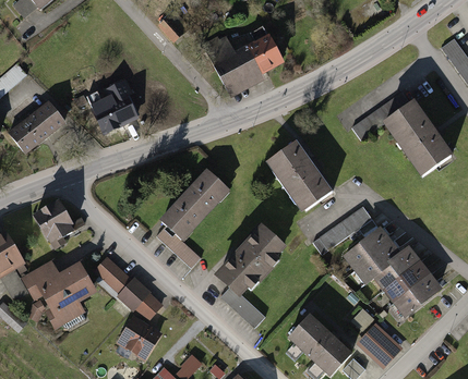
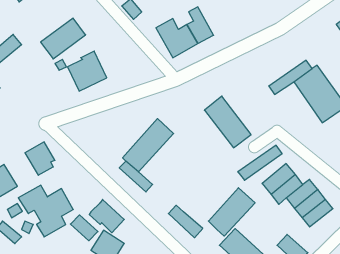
building: [8,99,67,152] -> [41,18,86,59]
building: [219,230,280,293] -> [208,188,255,236]
building: [95,259,131,293] -> [70,215,98,241]

